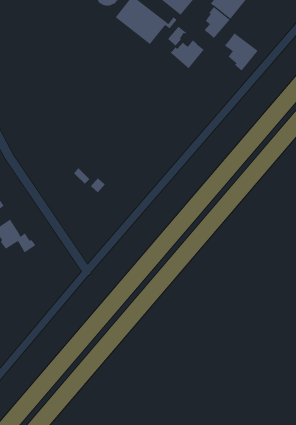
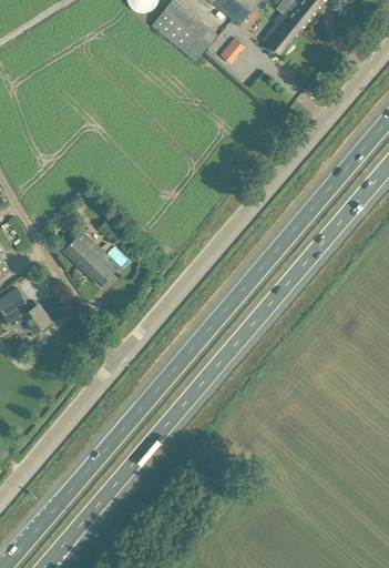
building: [224,33,259,72] -> none
building: [170,40,204,69] -> none
building: none -> [61,230,113,285]

